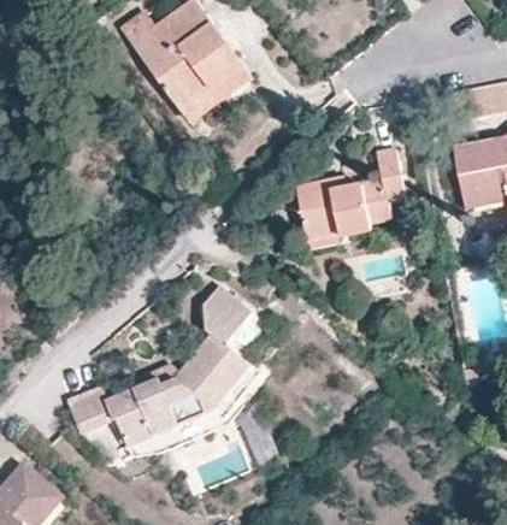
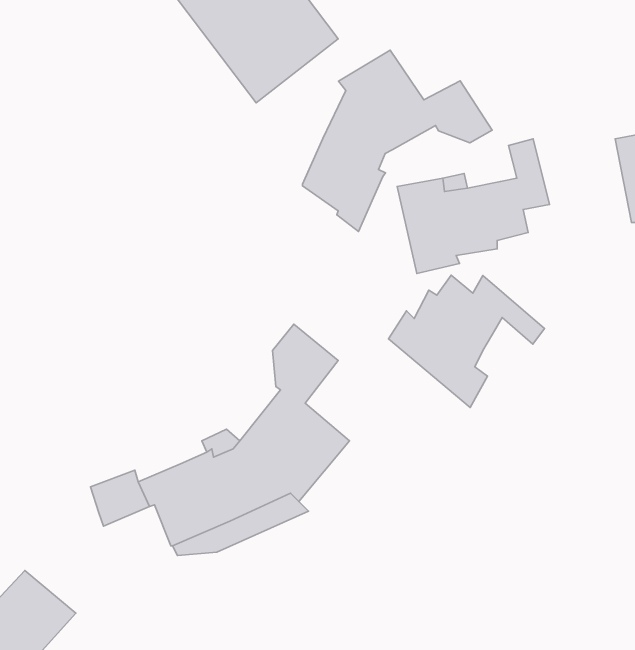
building: none -> [302,50,492,231]
building: none -> [388,275,544,408]

